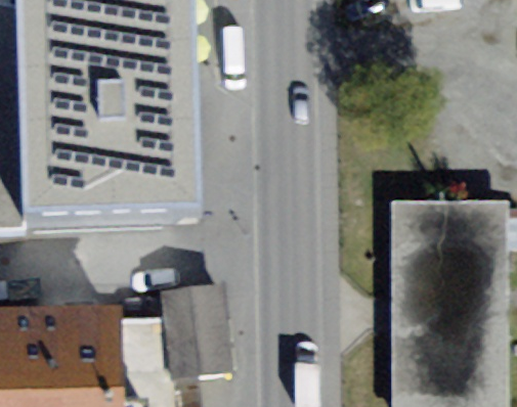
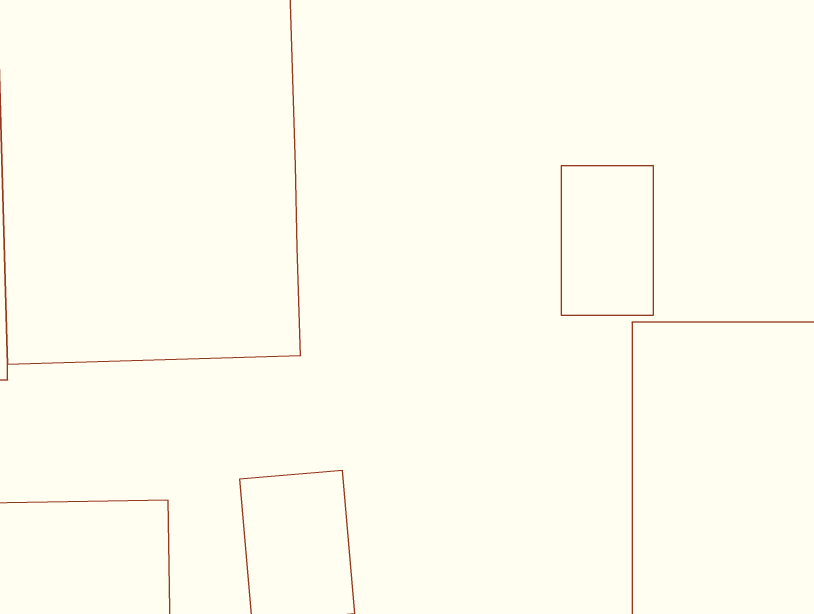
building: none -> [561,165,653,315]

